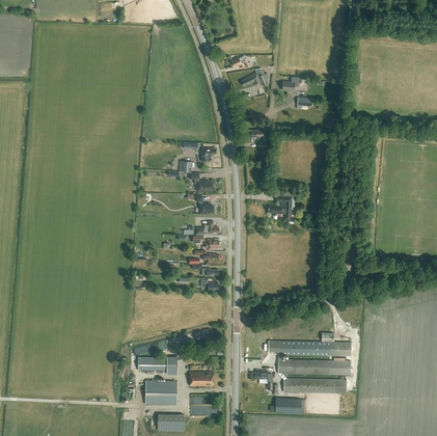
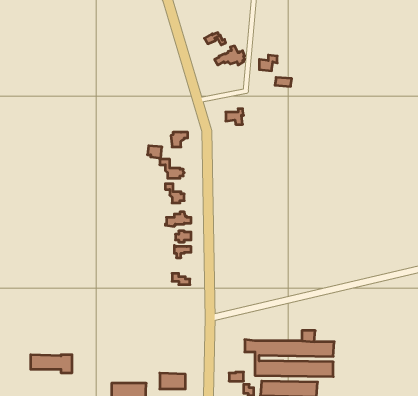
building: [267,191,294,220] -> none
building: [138,357,176,374] -> [31,355,72,373]

